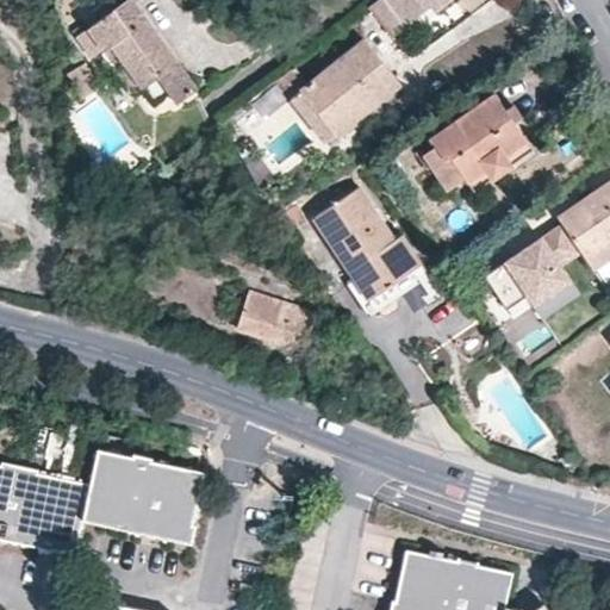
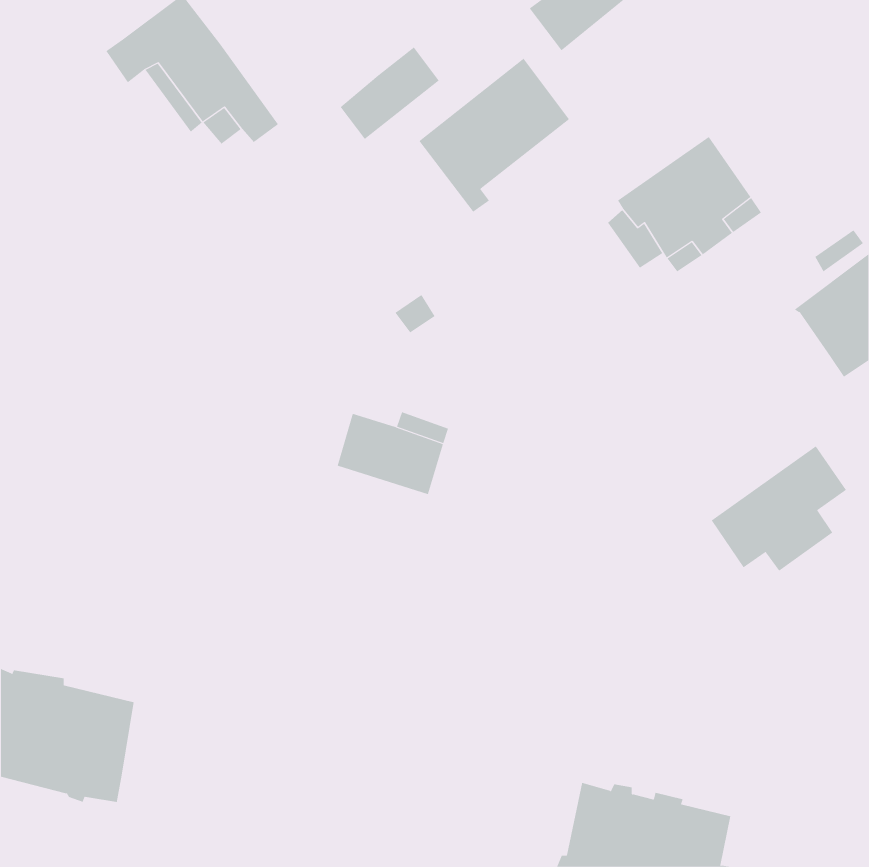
building: none -> [340,47,439,140]
building: [313,185,421,295] -> none
building: [486,219,581,307] -> [711,446,847,571]
building: [86,462,199,555] -> none

